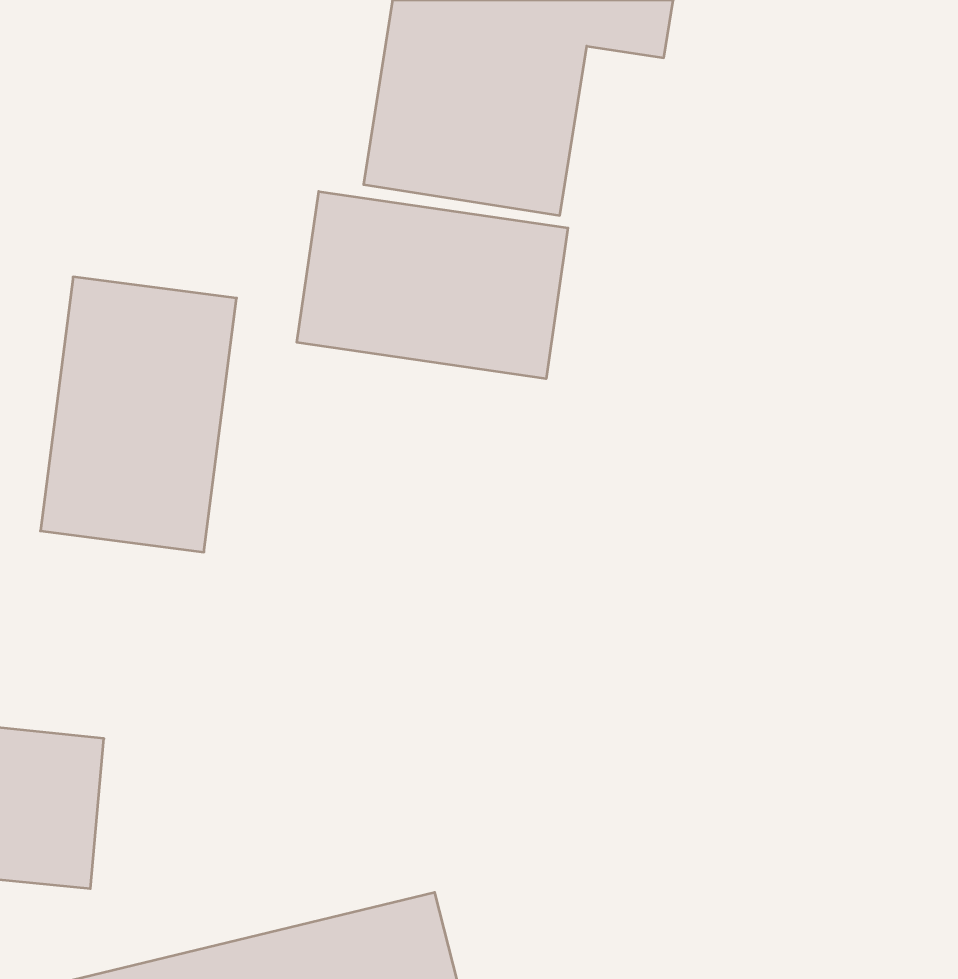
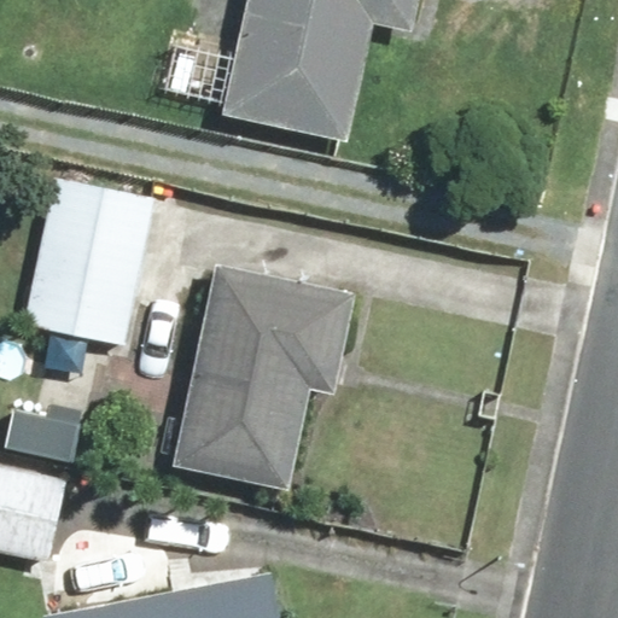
building: [297,191,568,379] -> none
building: none -> [175,266,355,489]

